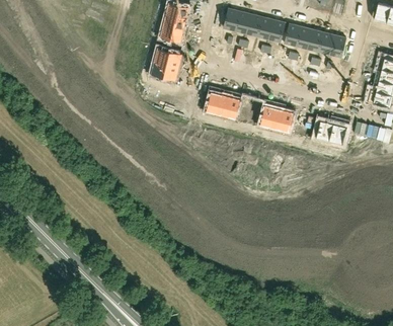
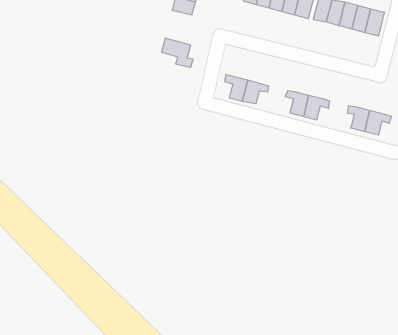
building: [156,45,187,66] -> none

